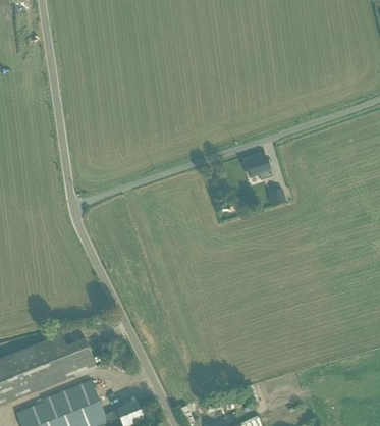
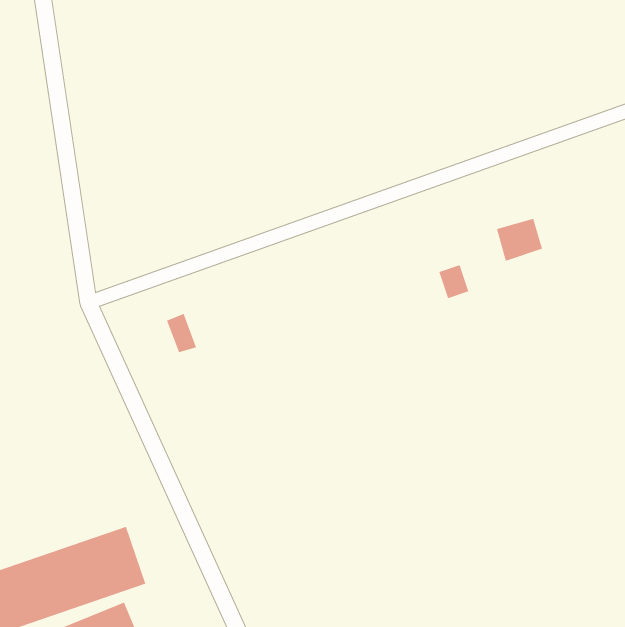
building: [241,153,268,177] -> [496,218,543,261]

